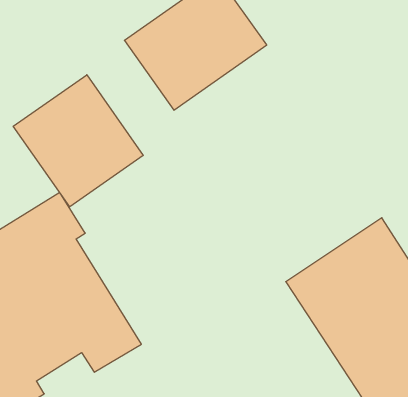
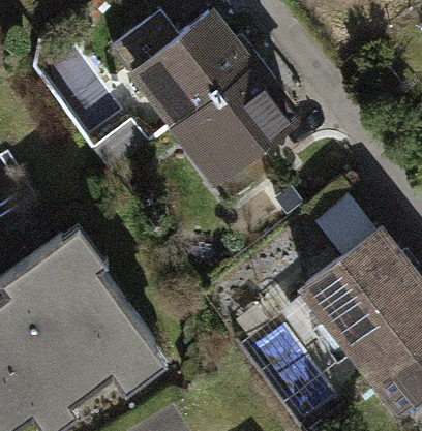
building: none -> [177,70,297,206]
building: [13,75,143,207] -> none

